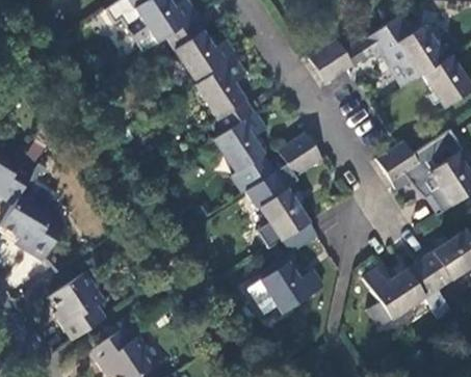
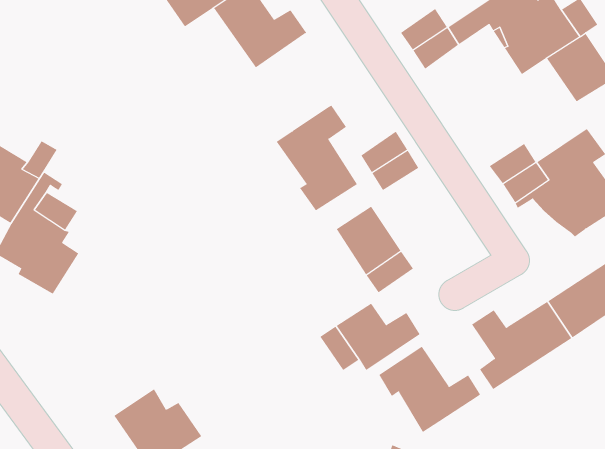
building: [194,58,254,132] -> none
building: [50,274,104,338] -> none
building: none -> [379,346,481,433]

